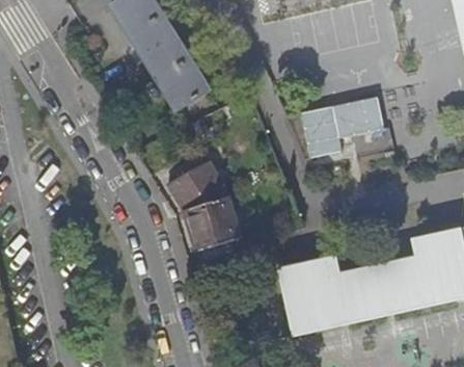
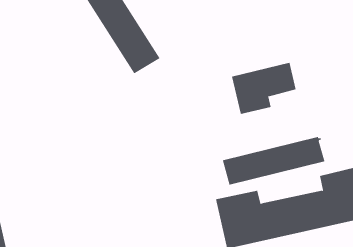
building: [166,159,239,250] -> none
building: none -> [222,136,325,185]

